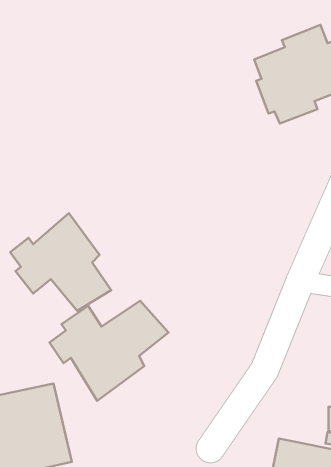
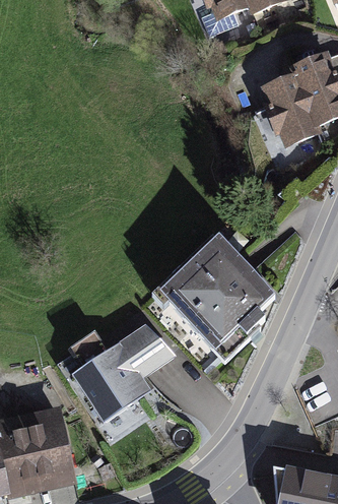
building: none -> [159,232,273,355]
building: [10,213,111,311] -> none

